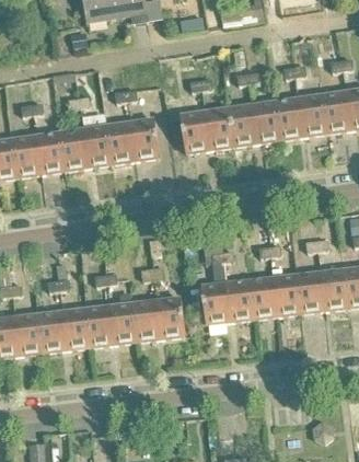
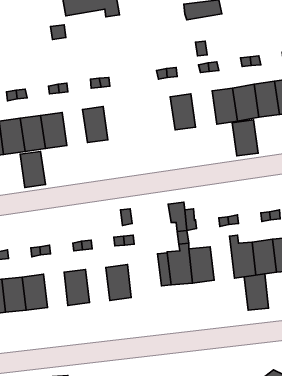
building: [231,104,260,145] -> [232,120,258,156]
building: [184,111,213,151] -> none
building: [132,117,163,159] -> none
building: [86,125,115,165] -> [20,151,45,187]
building: [253,276,280,316] -> [244,274,269,310]
building: [160,297,188,336] -> none
building: [113,302,140,342] -> none
building: [66,308,93,347] -> none

